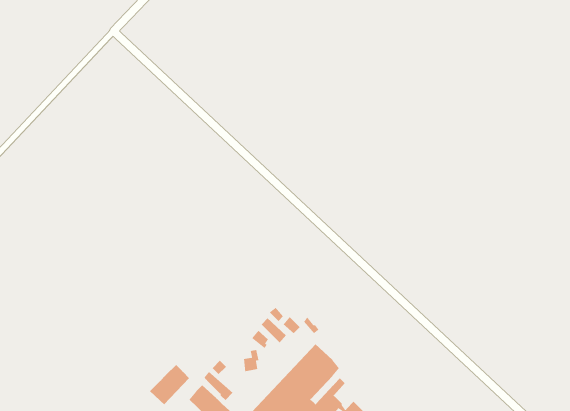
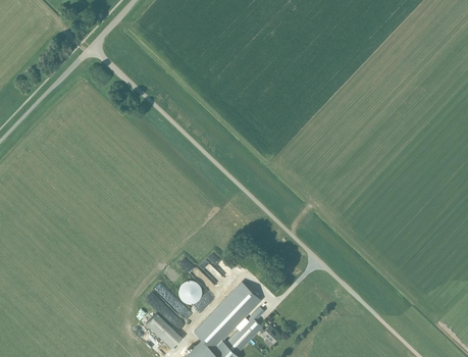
building: [149,364,190,405] -> none

